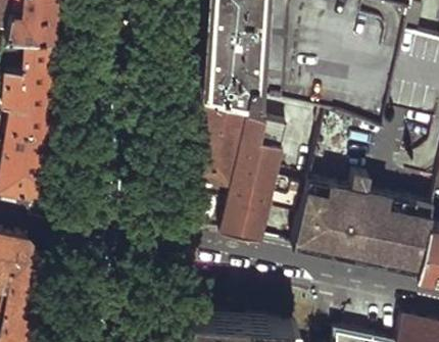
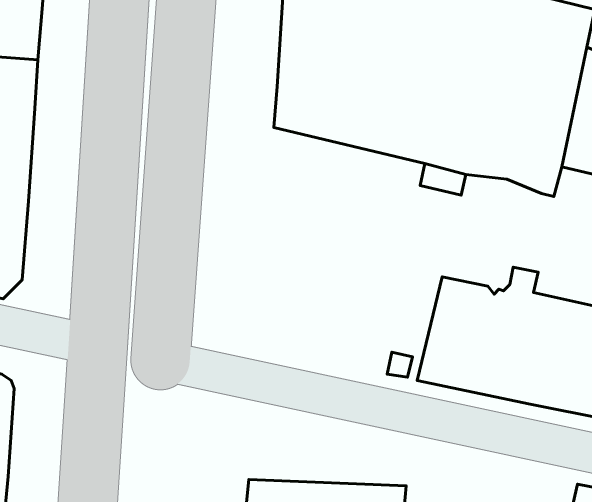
building: [196,103,301,241] -> none

